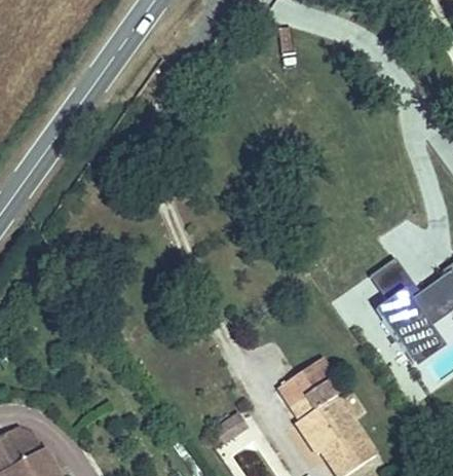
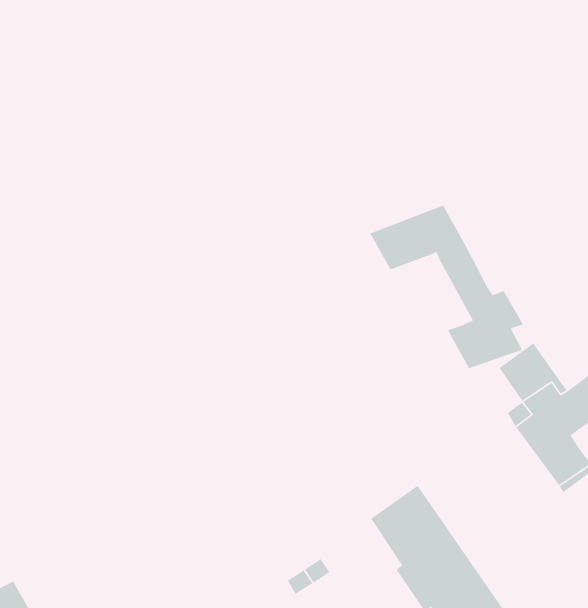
building: none -> [369,205,524,369]

